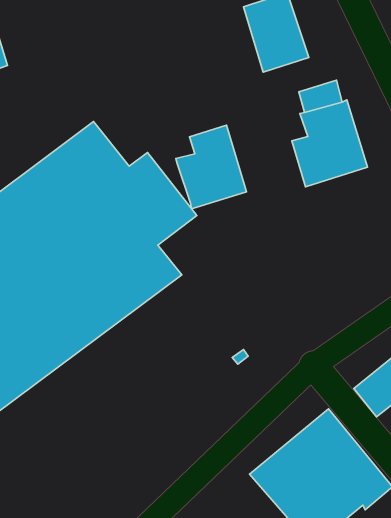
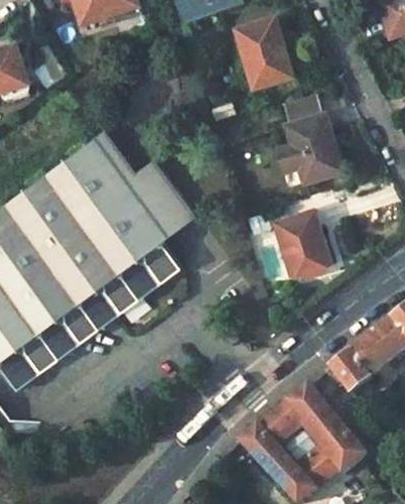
building: [176,125,246,209] -> none
building: none -> [276,212,332,281]

